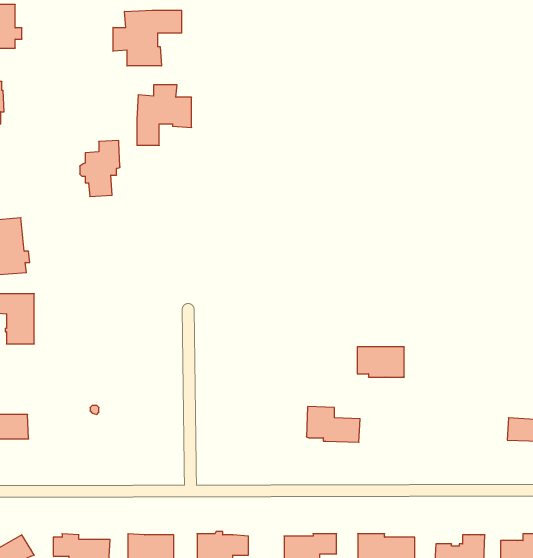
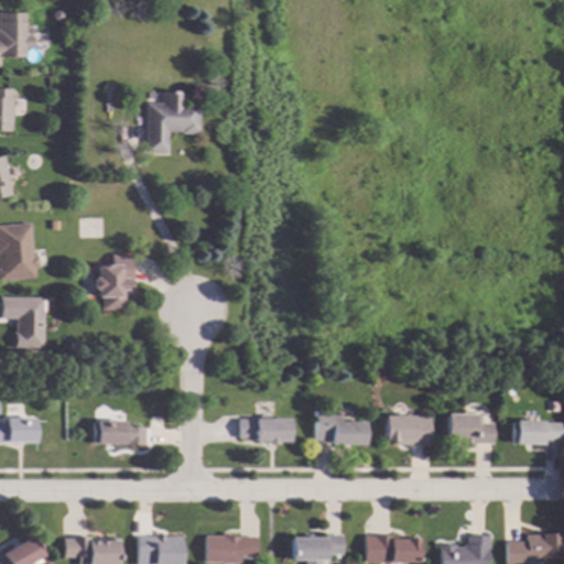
building: [113,10,182,66] -> none
building: [80,141,120,196] -> [95,254,134,310]
building: [357,347,404,377] -> [386,415,432,445]
building: none -> [447,414,494,444]
building: none -> [239,419,291,444]
building: none -> [95,422,147,445]

